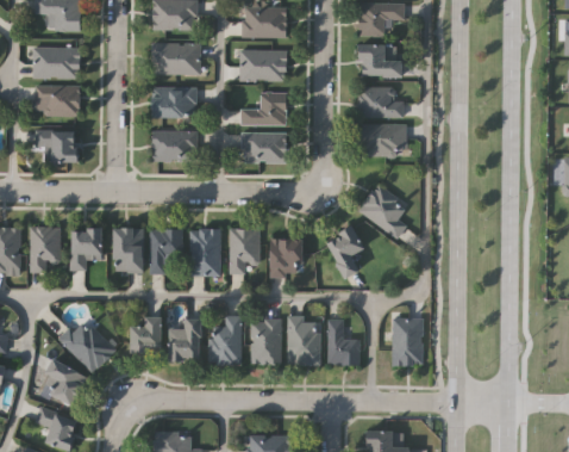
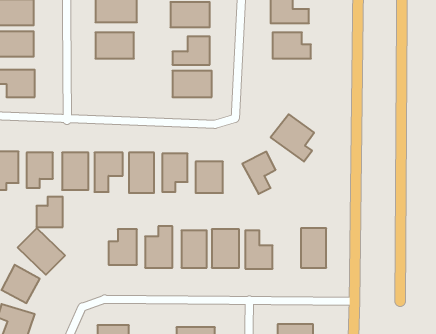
building: [361,122,406,155] -> none
building: [151,130,198,162] -> none
building: [129,316,160,352] -> [36,197,63,227]

